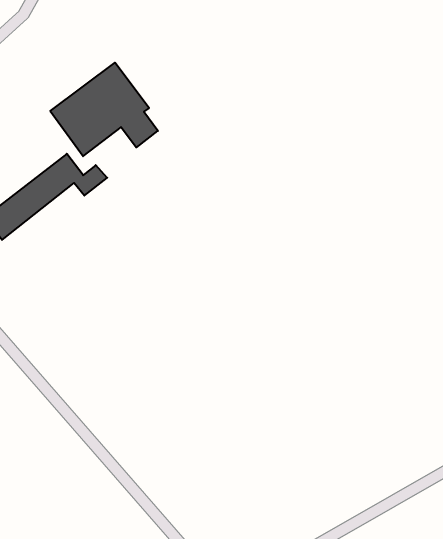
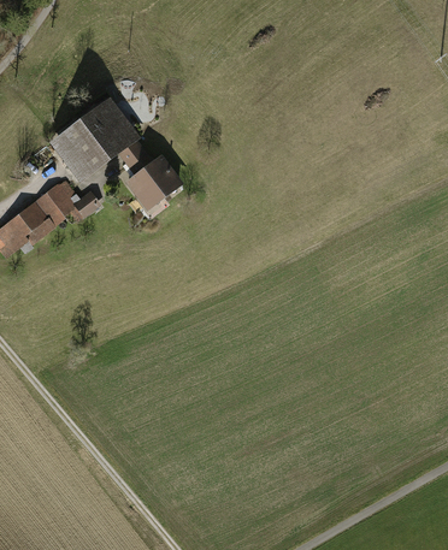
building: none -> [124,155,179,209]

